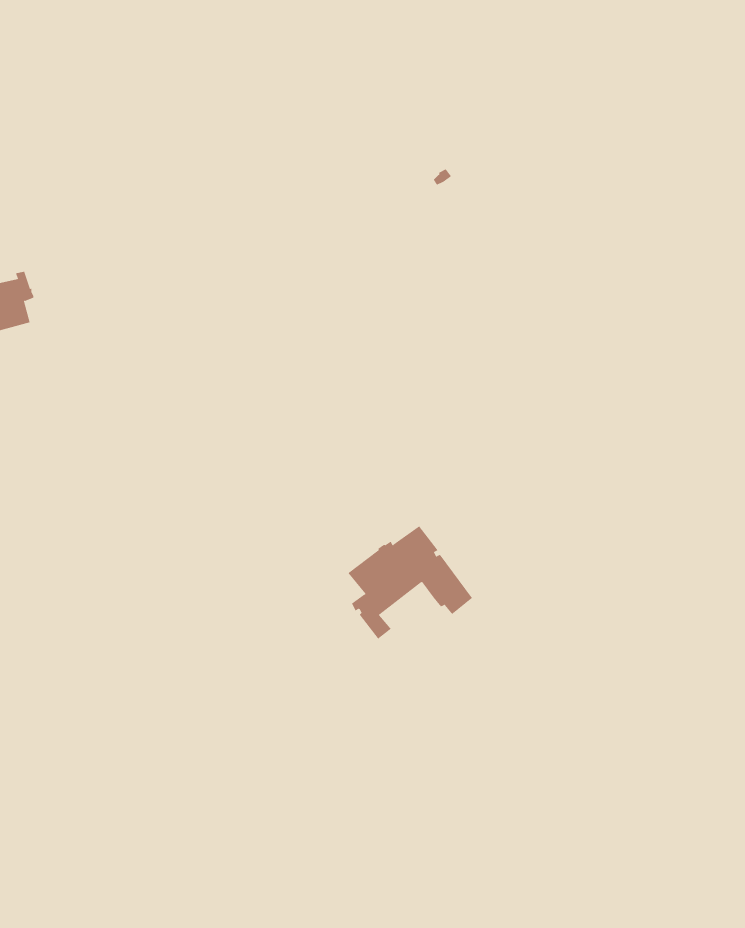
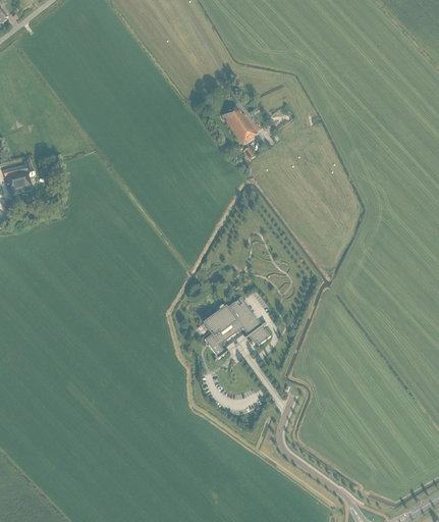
building: none -> [221,104,258,160]

